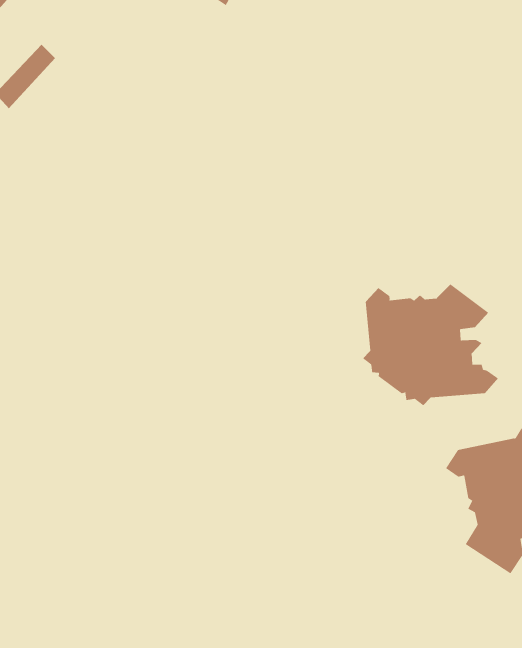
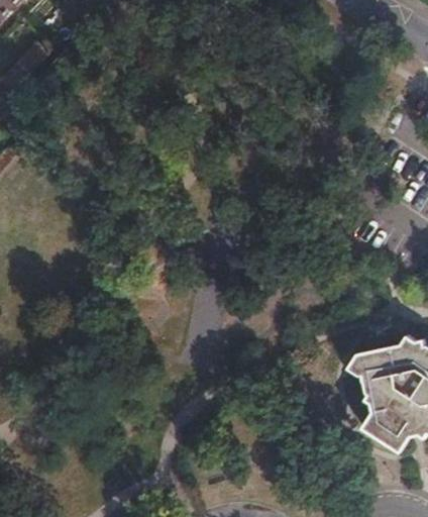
building: [362,283,499,406] -> none

